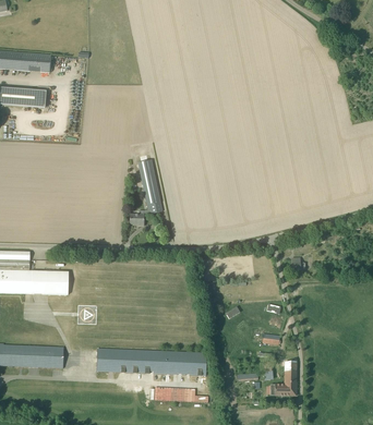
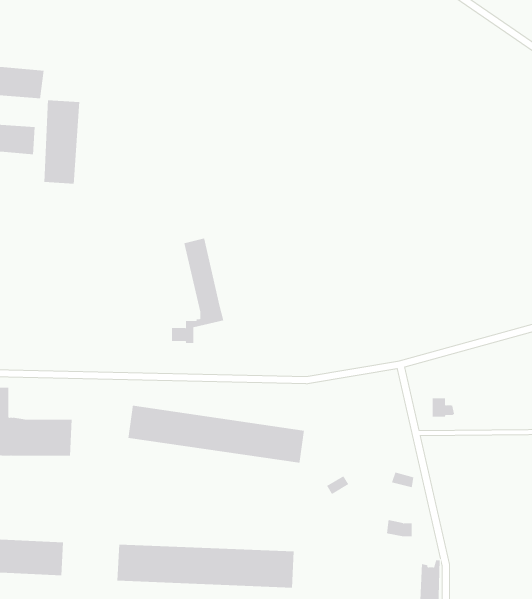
building: none -> [44,99,80,185]
building: none -> [128,405,305,463]

